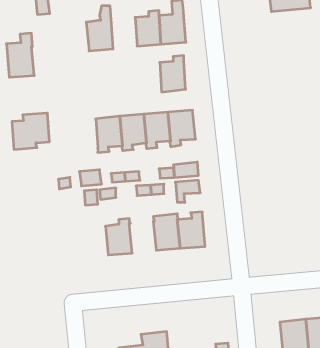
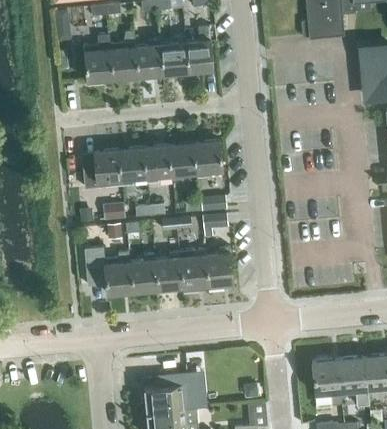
building: [6,33,34,77] -> [84,35,113,81]
building: [160,56,186,92] -> [136,39,163,77]
building: [12,113,49,149] -> [83,150,122,188]
building: none -> [85,247,133,294]
building: none -> [155,252,183,290]

